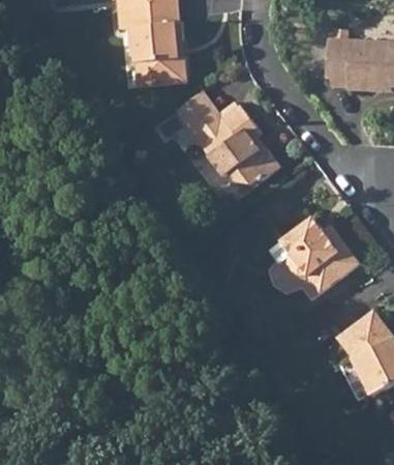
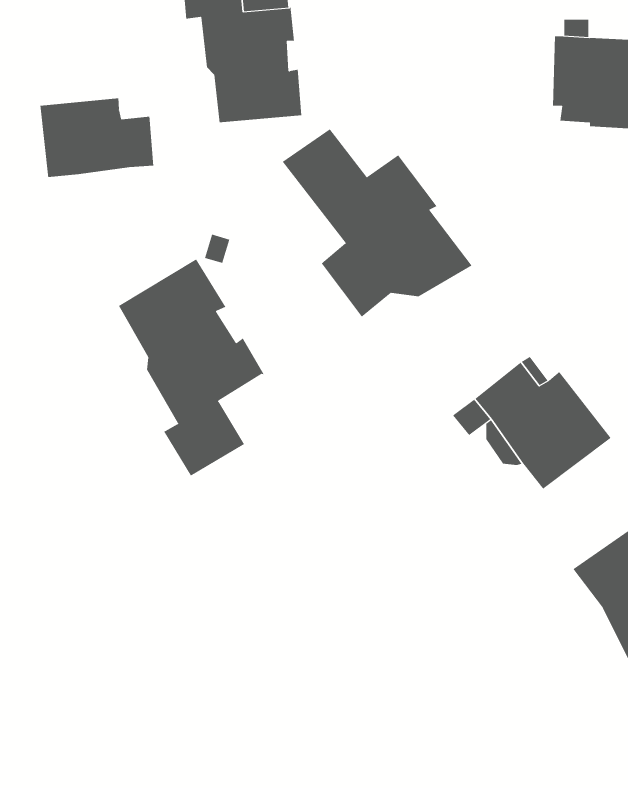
building: none -> [40,98,154,178]
building: none -> [118,258,265,477]

